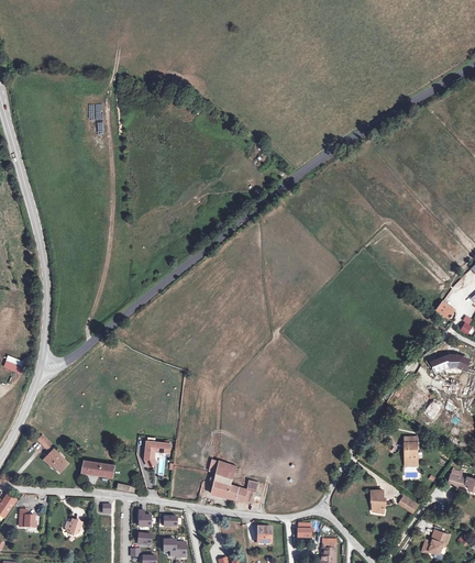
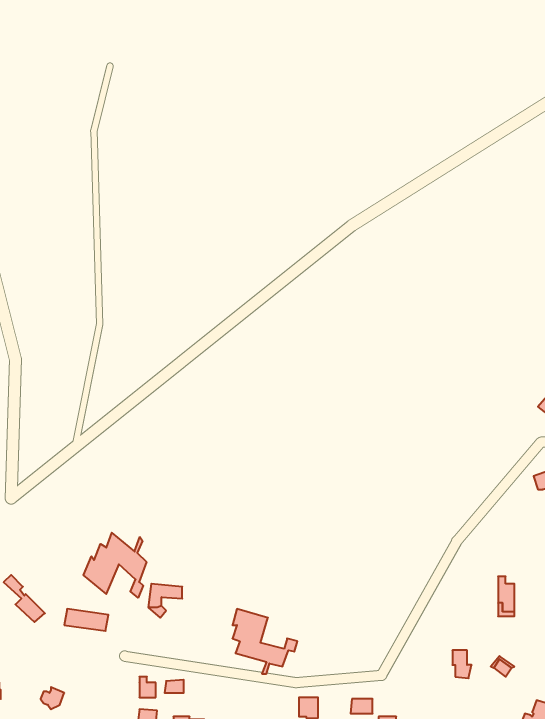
building: none -> [83,533,146,598]

